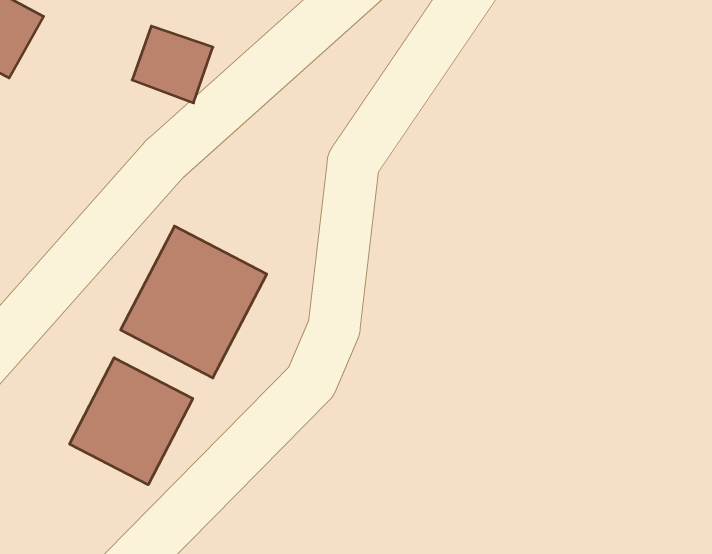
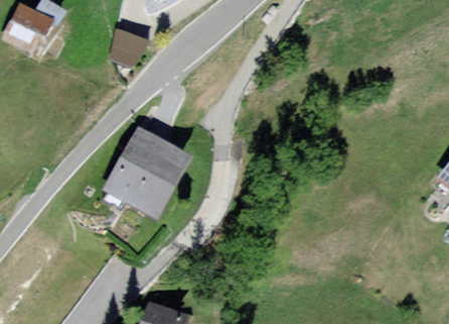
building: [70,358,193,485] -> none

